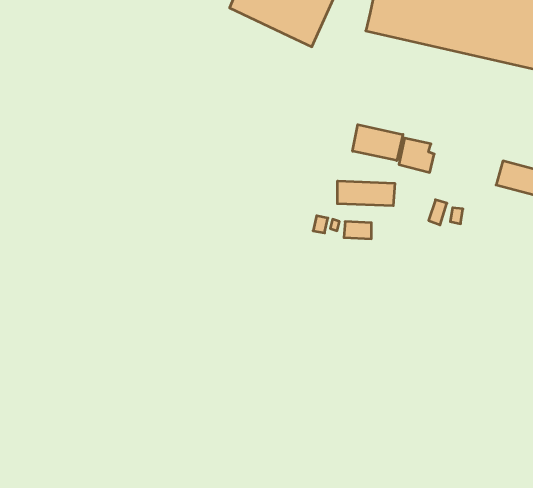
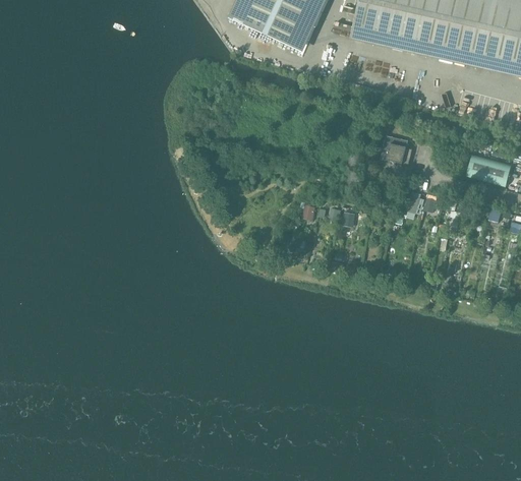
building: [353,125,403,161] -> none
building: [337,181,395,206] -> none

